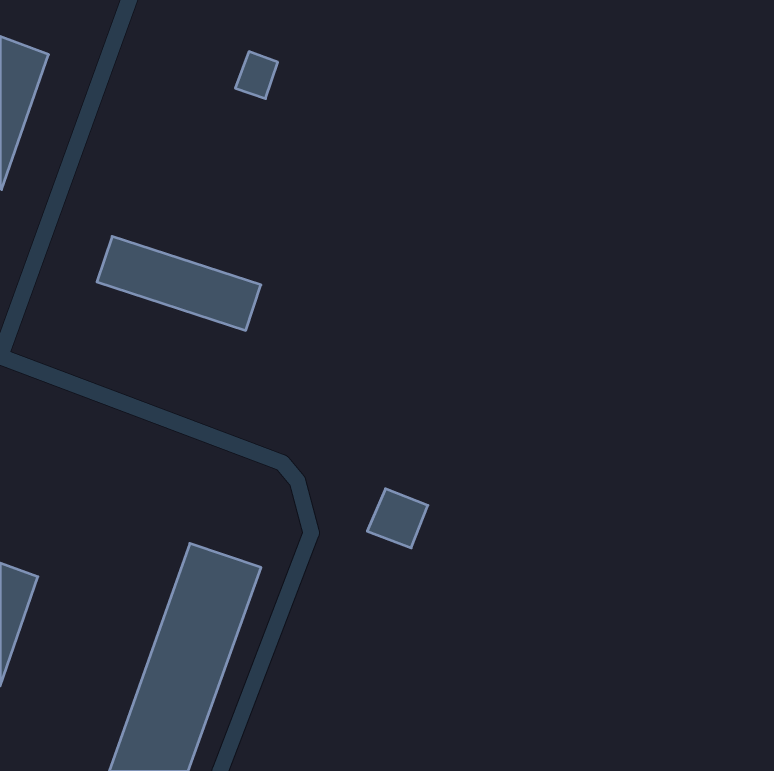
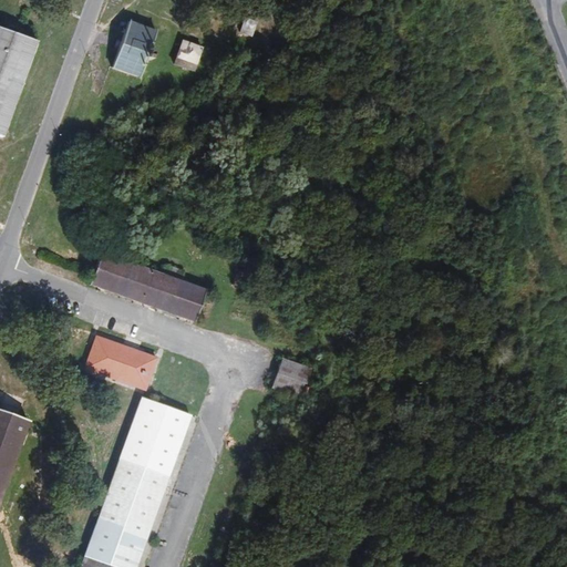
building: none -> [112,19,157,78]
building: [97,236,261,330] -> [91,252,210,321]
building: none -> [83,336,159,391]

